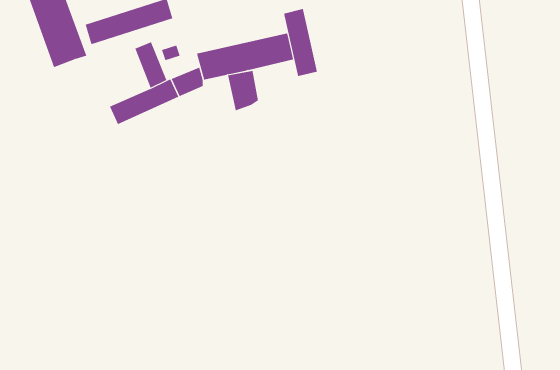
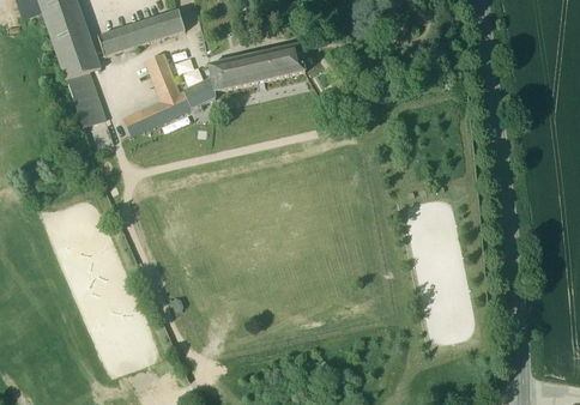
building: [284,8,317,77] -> none
building: none -> [66,69,113,150]
building: [228,70,259,111] -> none

